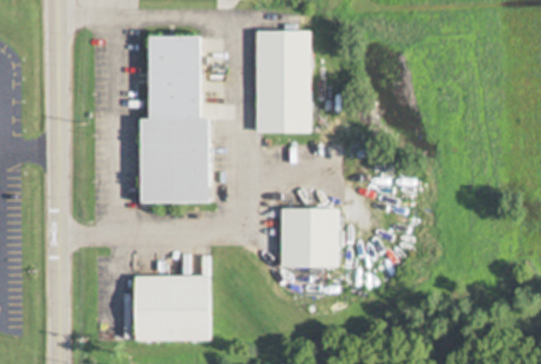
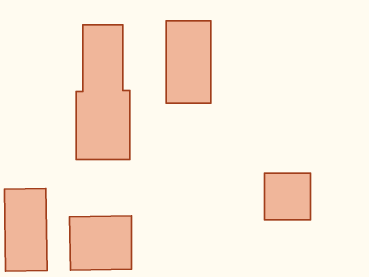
building: [281,208,338,266] -> [265,173,311,220]
building: none -> [4,189,47,271]

